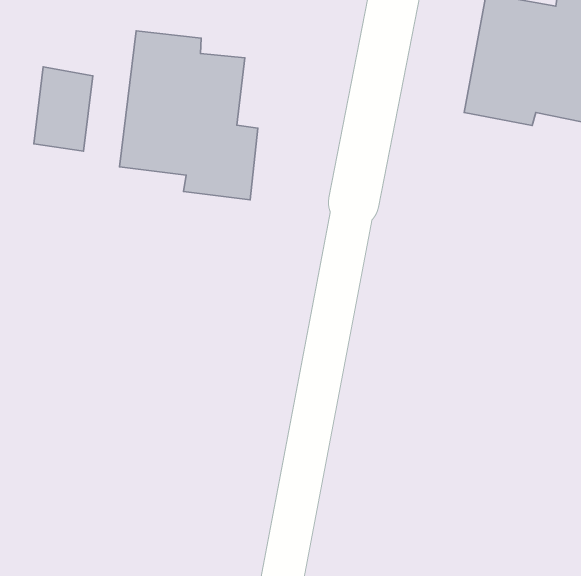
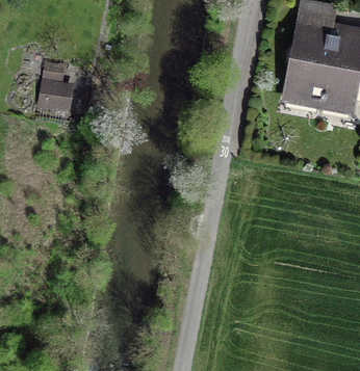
building: [119,31,258,200] -> none

